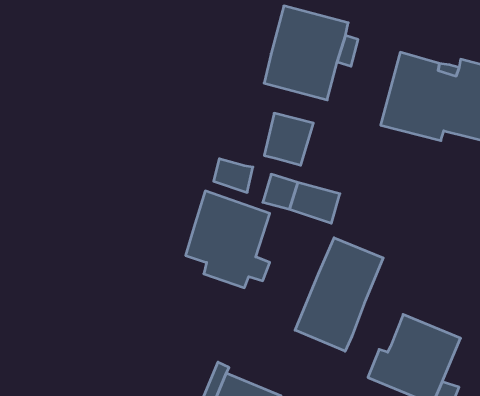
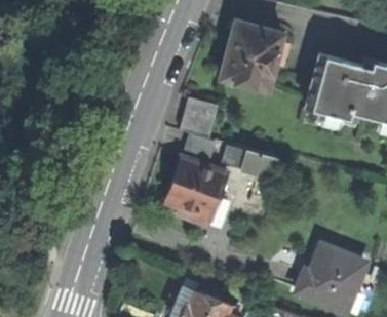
building: [264,113,313,165] -> [179,100,215,137]
building: [295,238,383,351] -> none

